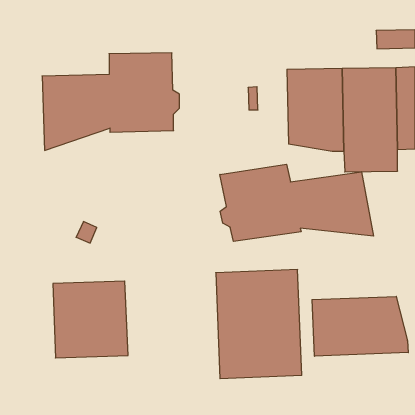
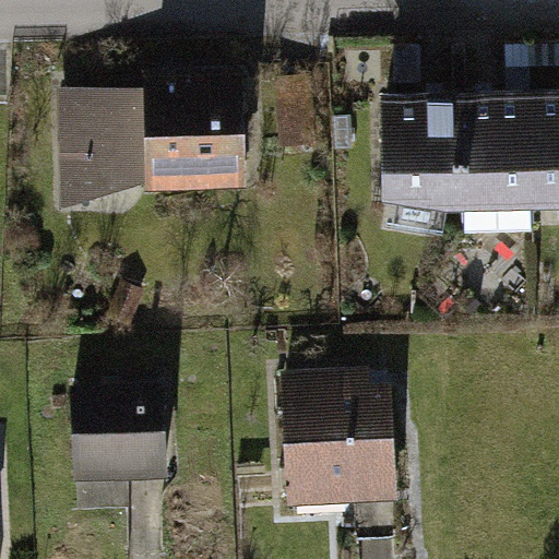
building: [220,164,374,241] -> none
building: [312,296,408,356] -> none

